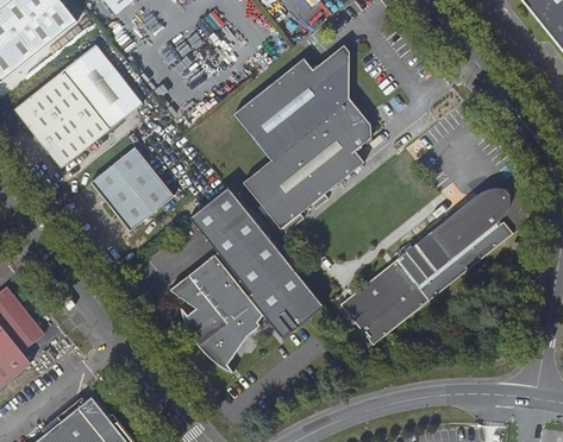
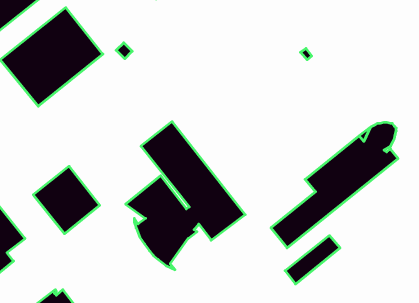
building: [234,45,371,228] -> none
building: [90,146,174,231] -> [33,166,100,234]
building: [340,259,409,320] -> [285,236,340,284]

